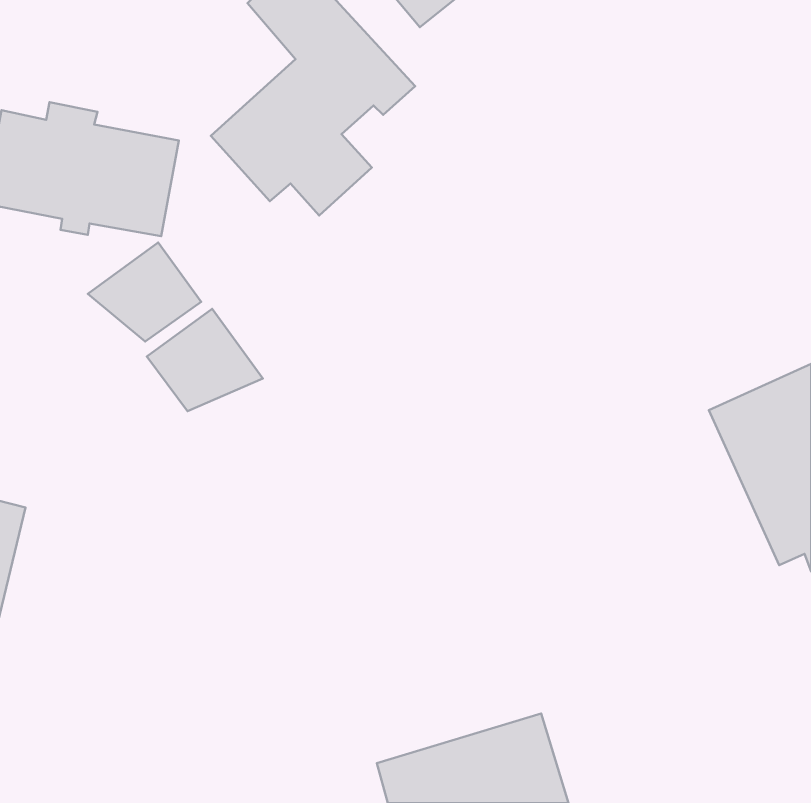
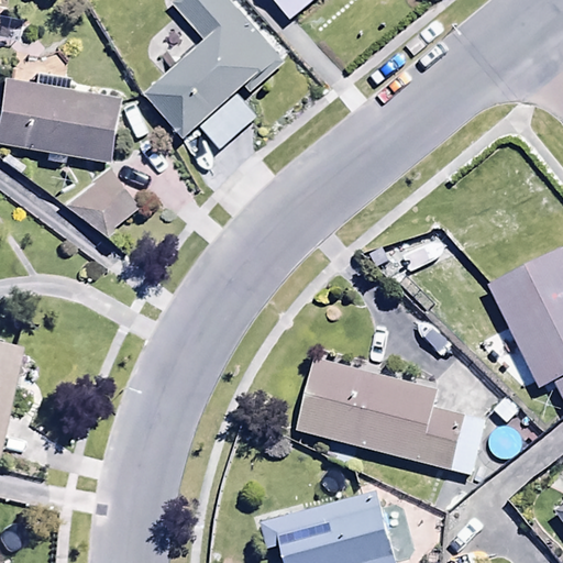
building: [147,309,263,411] -> none
building: none -> [296,358,484,475]

